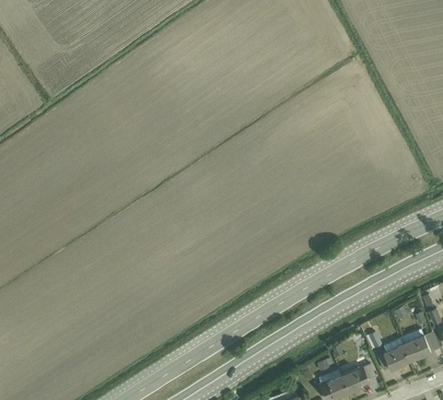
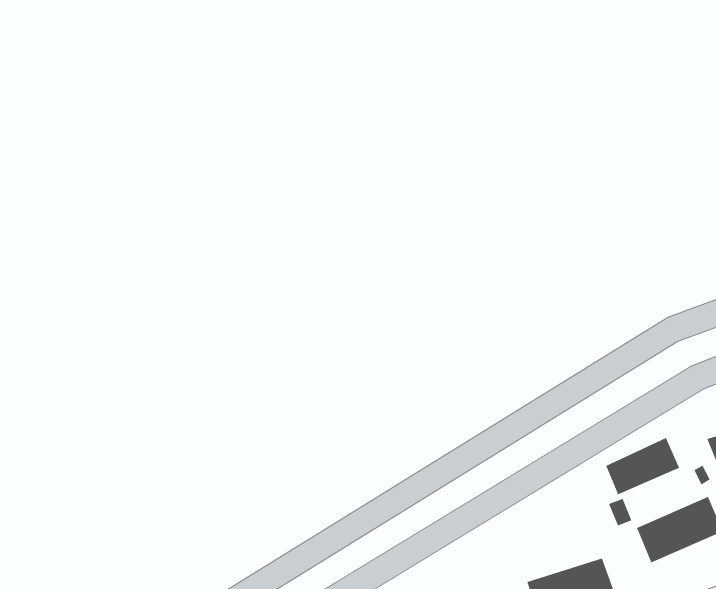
building: none -> [605,437,680,495]

